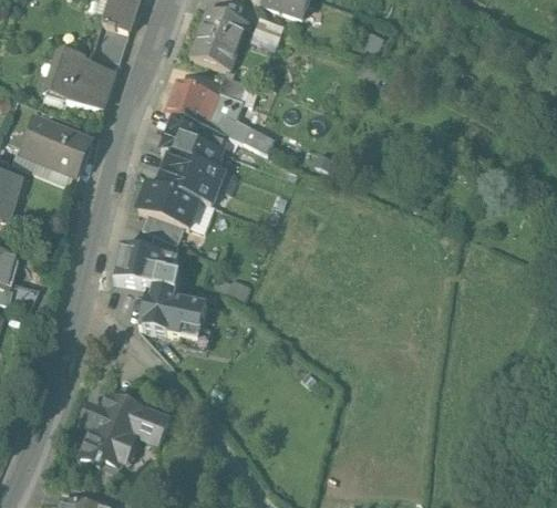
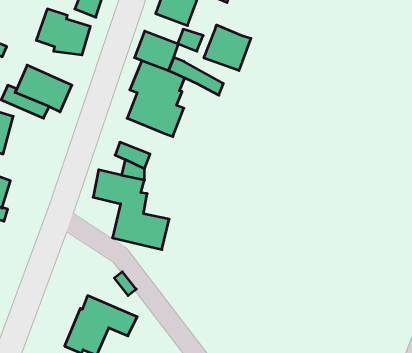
building: none -> [204,25,251,71]
building: [137,177,199,225] -> none

